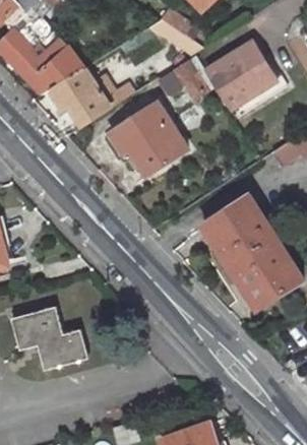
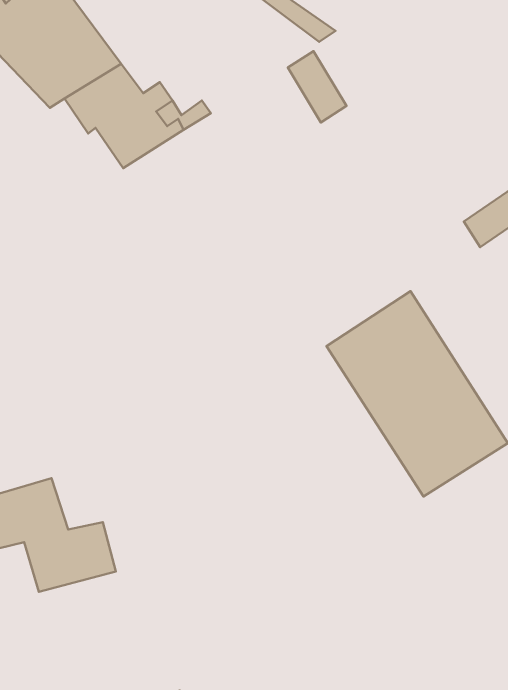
building: [211,44,284,114] -> none
building: [115,106,190,178] -> none

